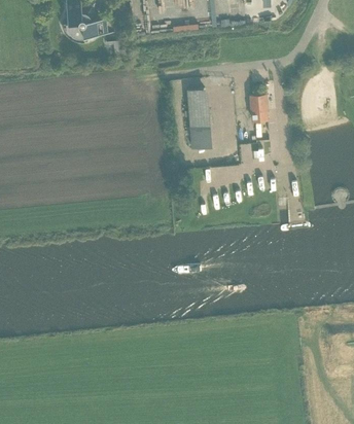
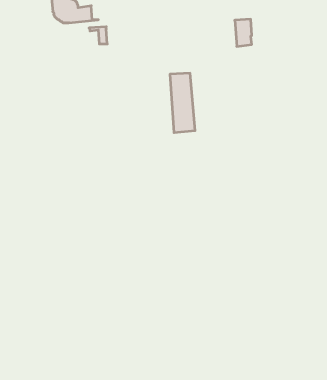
building: [249,94,267,121] -> [235,19,252,46]

